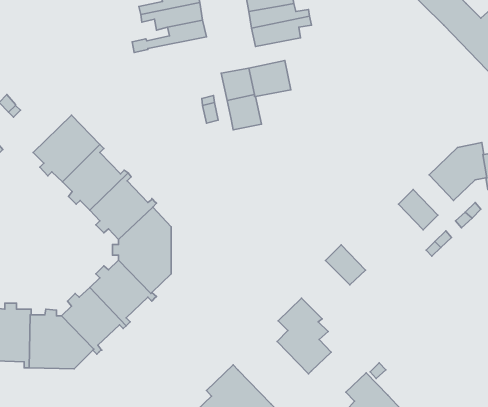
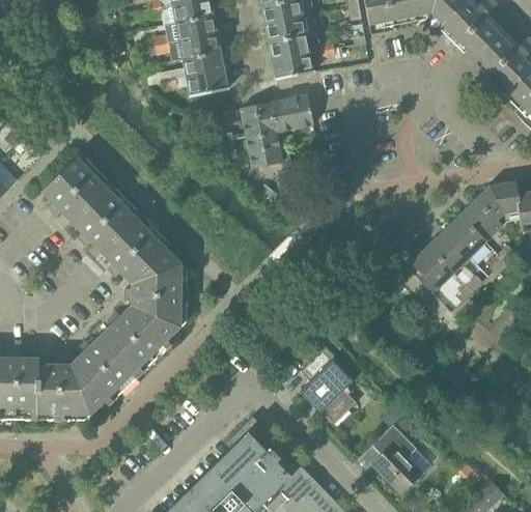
building: none -> [162,69,227,96]
building: none -> [443,216,485,258]
building: [325,245,366,285] -> [411,247,453,289]

